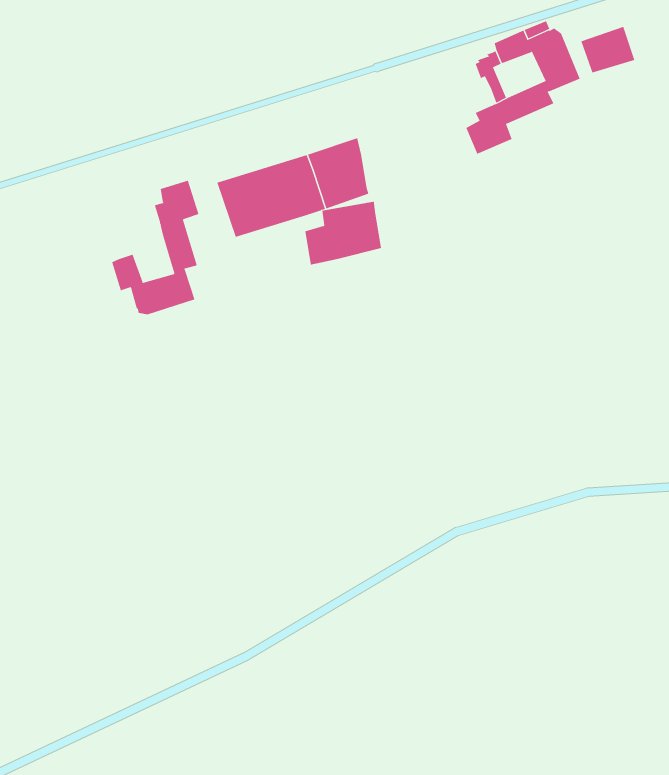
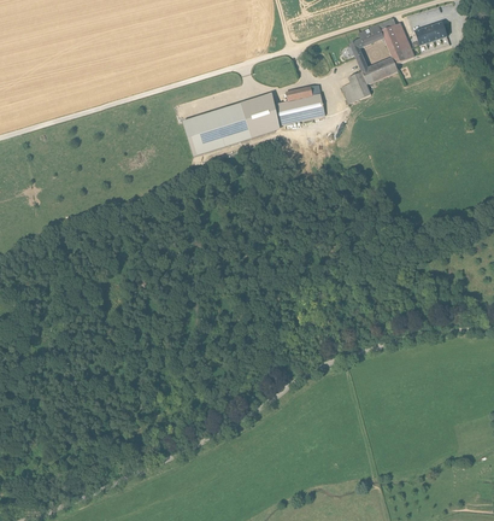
building: [112,180,199,315] -> none
building: [305,201,382,265] -> [275,83,324,124]

